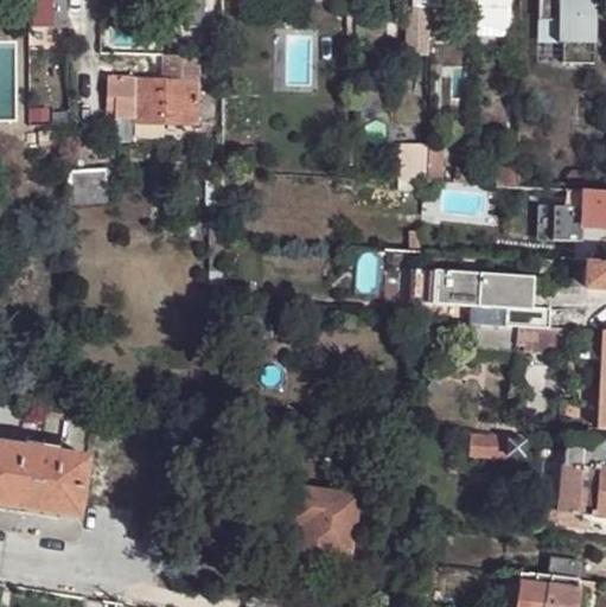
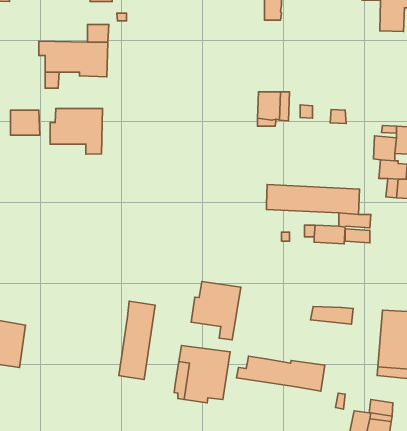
building: none -> [50,108,103,154]
building: none -> [191,281,241,340]
building: none -> [119,301,155,379]
building: none -> [237,356,325,391]

